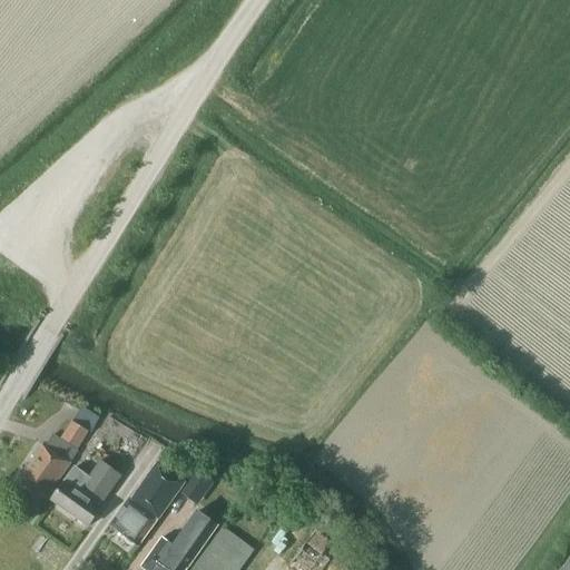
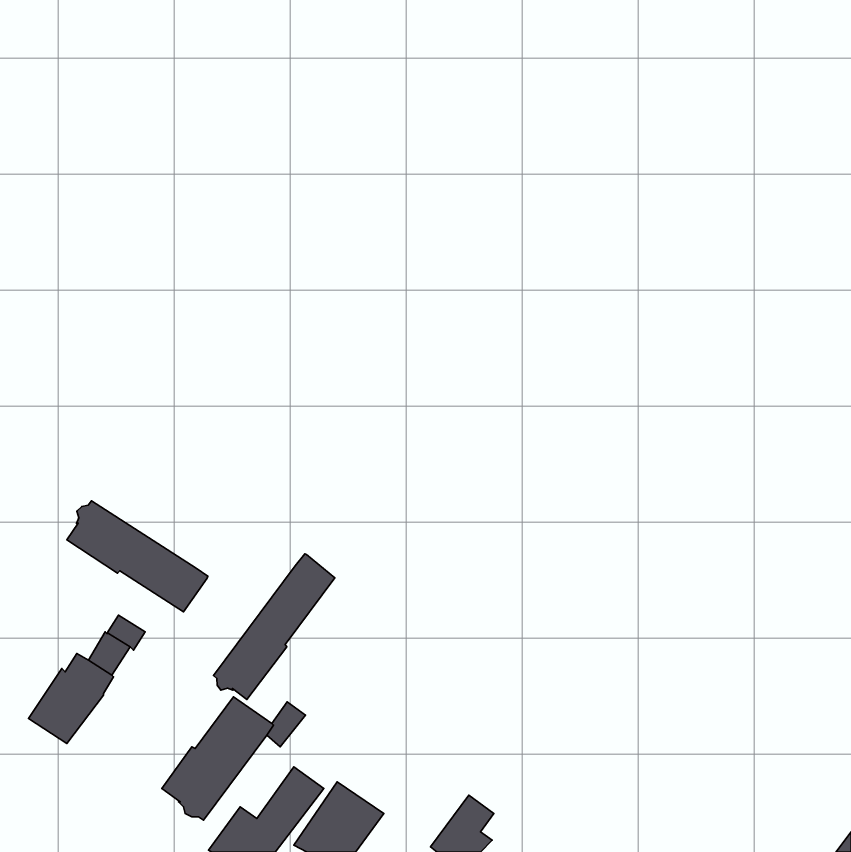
building: none -> [67,501,208,612]
building: none -> [213,554,335,699]
building: [50,462,119,528] -> none

